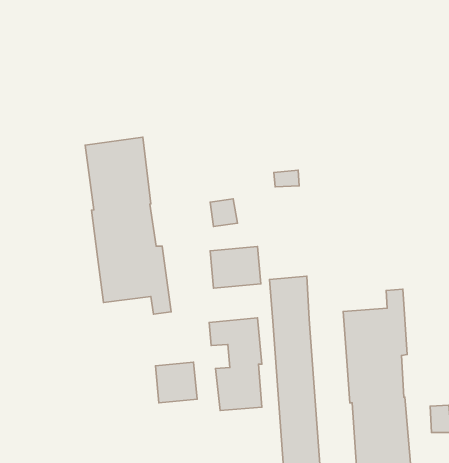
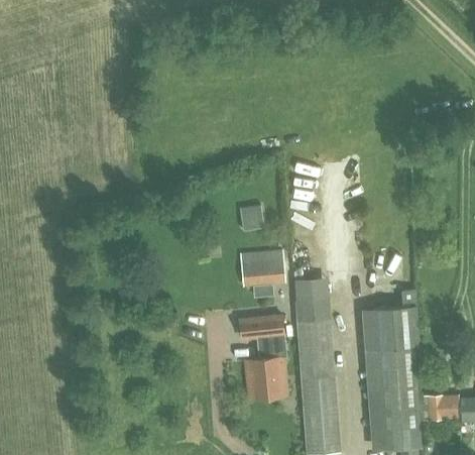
building: [85,137,171,314] -> none
building: [155,362,197,403] -> none

